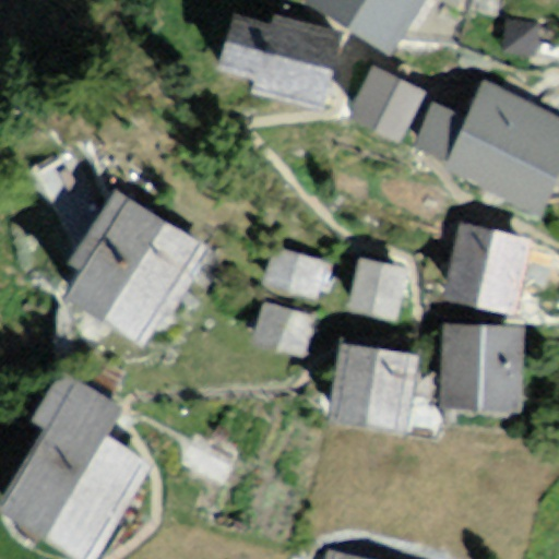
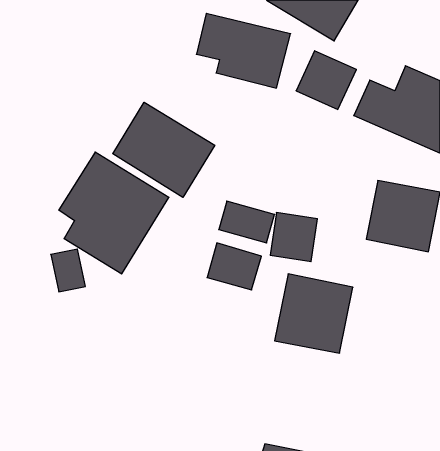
building: none -> [113,102,215,197]
building: [447,324,526,404] -> none
building: [4,378,144,552] -> none

